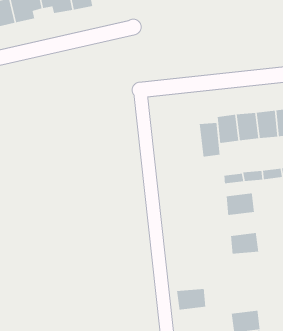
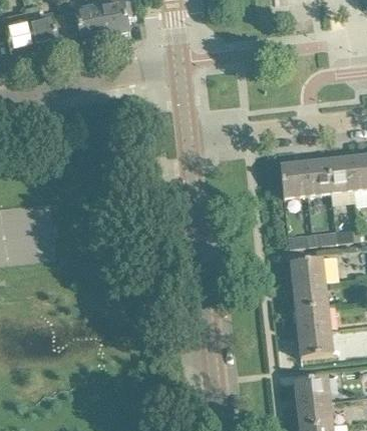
building: [199,122,220,157] -> none
building: none -> [293,282,328,310]
building: none -> [298,330,334,357]
building: [176,288,206,310] -> [294,377,330,404]

